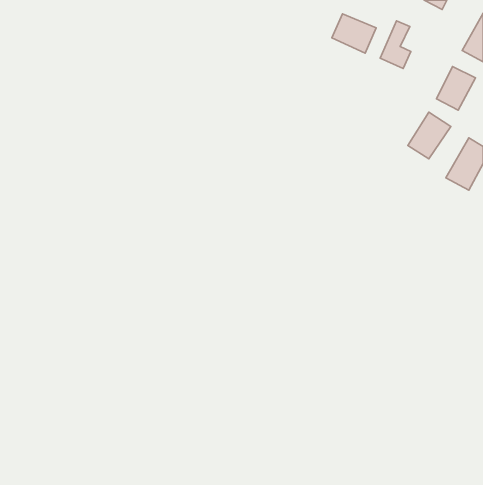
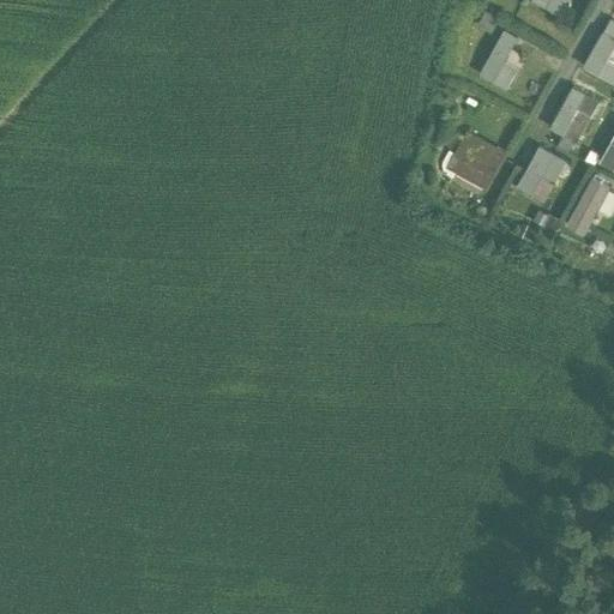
building: [332,14,376,53] -> none
building: none -> [443,128,507,195]

